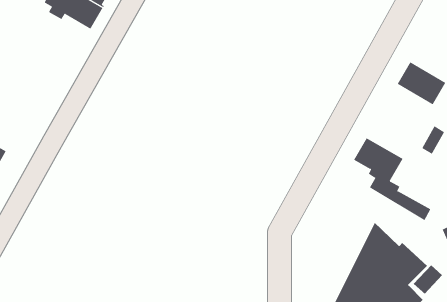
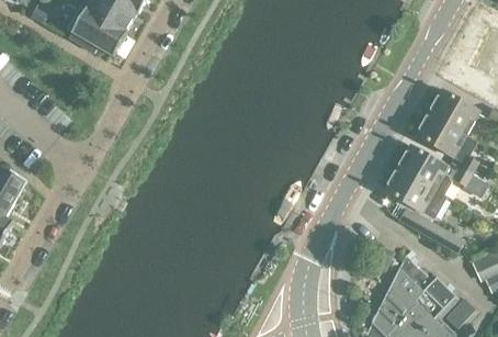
building: none -> [416,112,466,156]
building: none -> [397,144,449,189]

